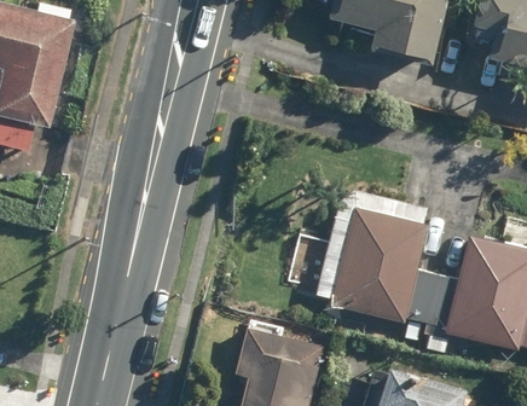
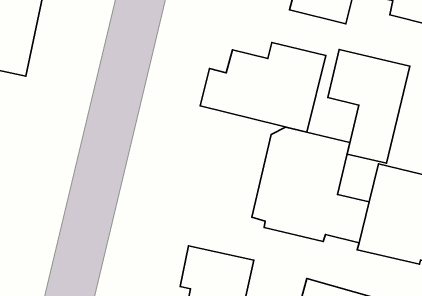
building: none -> [200,42,326,132]
building: none -> [328,49,410,163]

